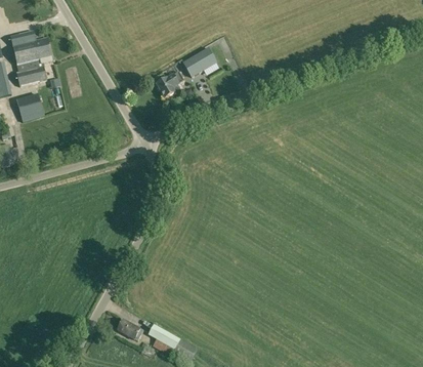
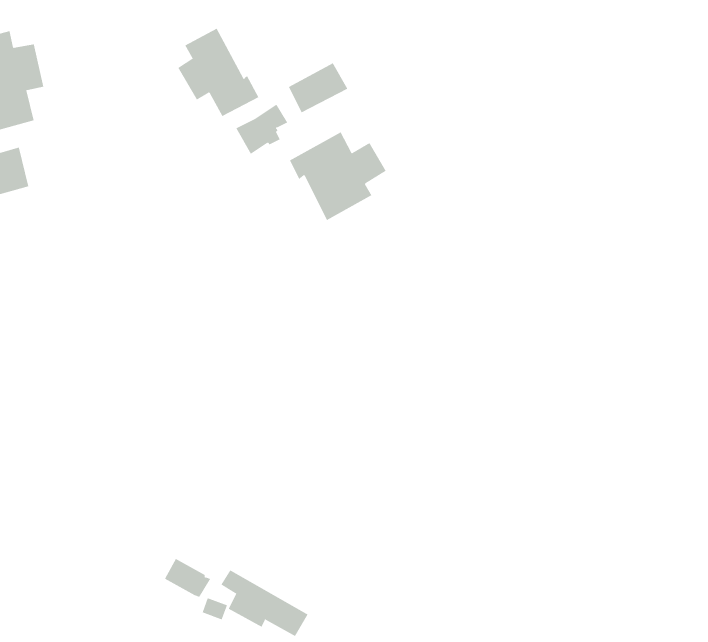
building: none -> [177,28,259,117]
building: none -> [289,132,386,221]

